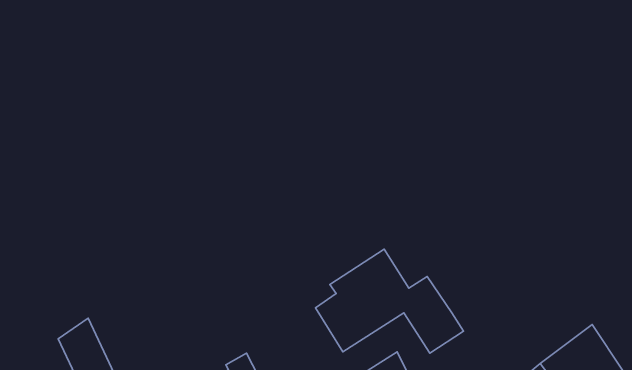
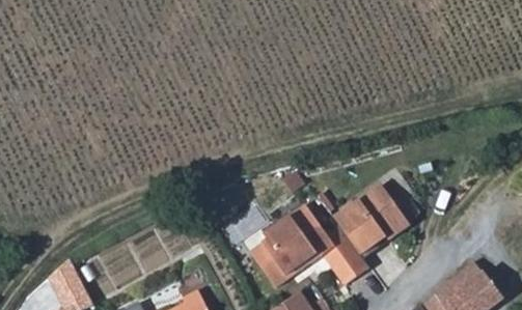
building: none -> [338,184,413,254]

